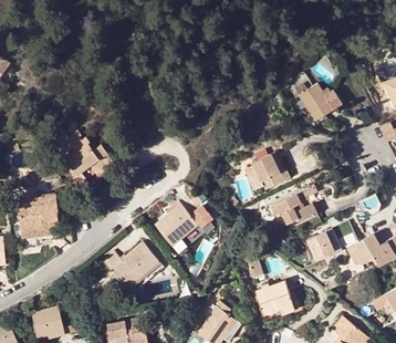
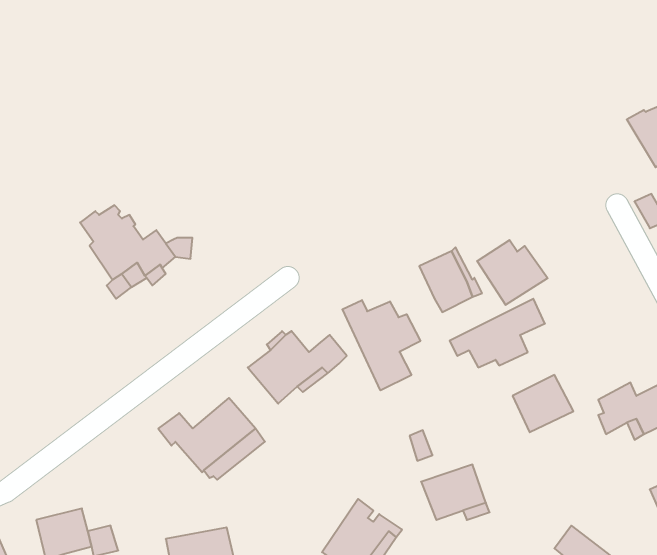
building: [298,86,338,124] -> [477,240,548,305]
building: none -> [342,300,420,390]
building: [15,193,59,248] -> none

